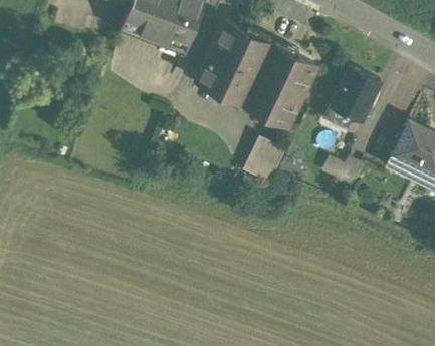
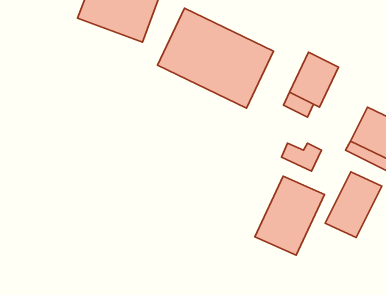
building: [246,136,288,183] -> none
building: none -> [325,172,382,238]
building: none -> [255,176,325,255]

